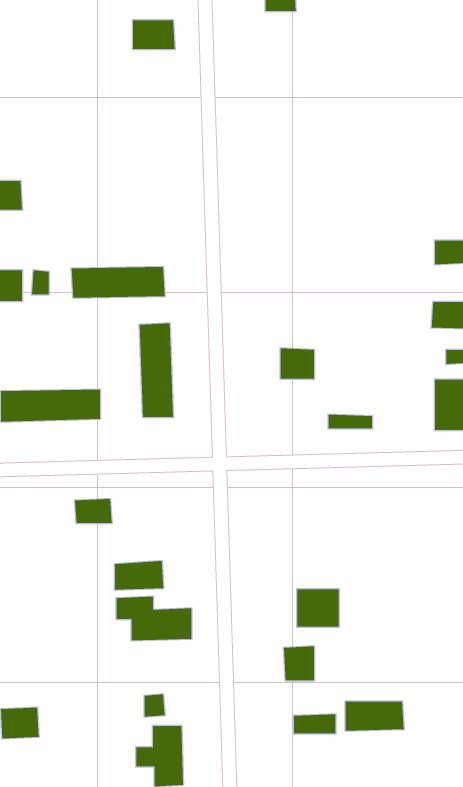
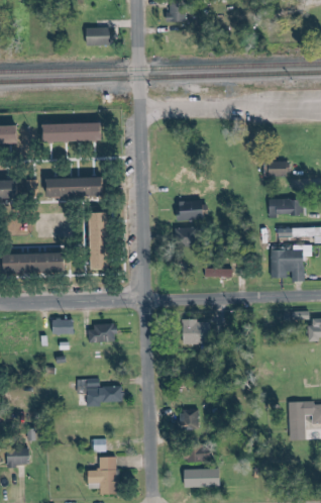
building: none -> [44,122,104,142]
building: none -> [177,200,205,220]
building: [114,560,164,590] -> [86,324,116,342]
building: [296,589,339,627] -> [184,321,210,344]
building: [345,701,405,731] -> [184,470,220,488]

